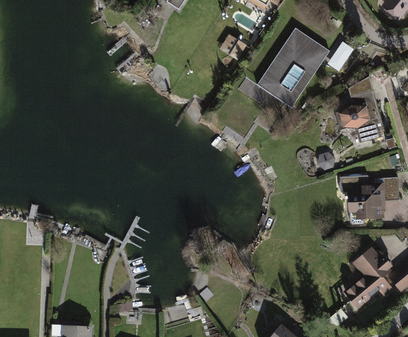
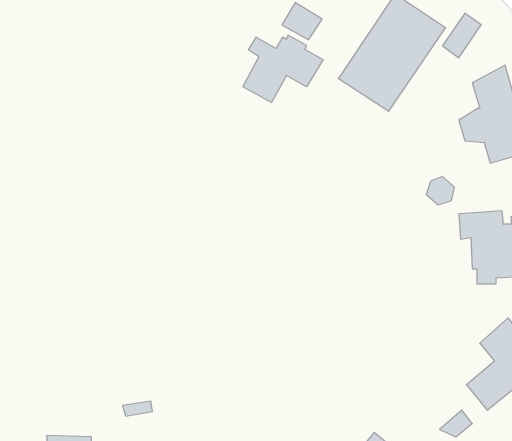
building: none -> [243,35,323,103]

